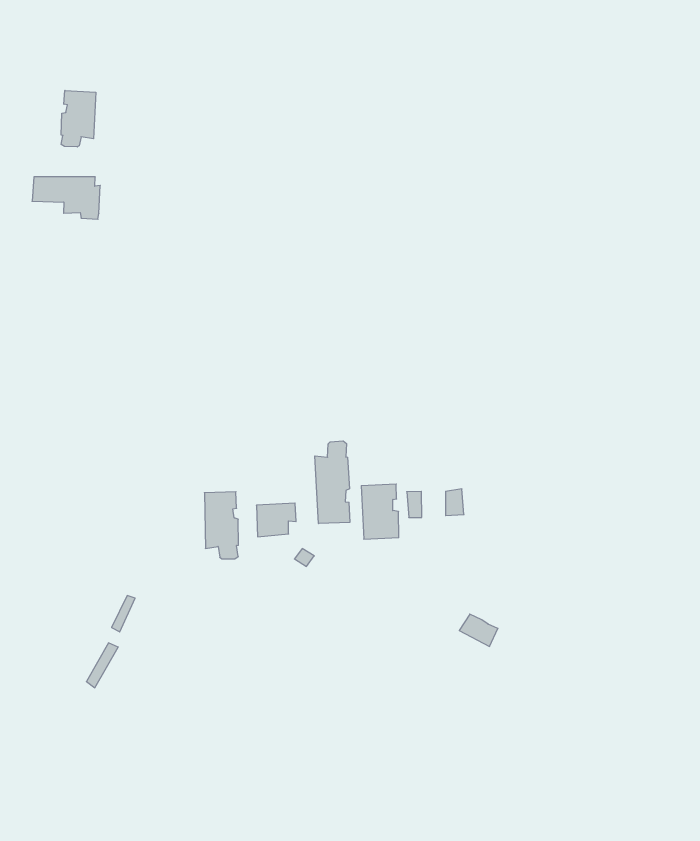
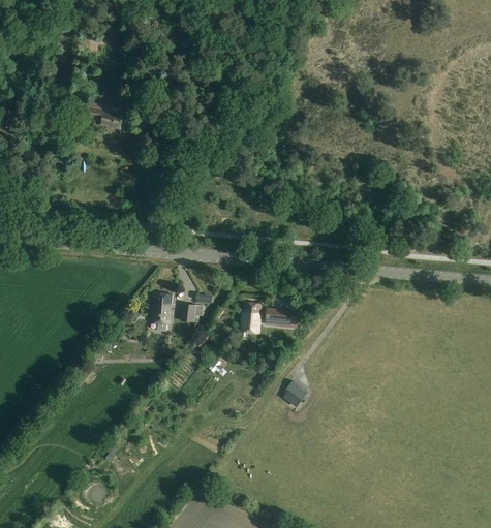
building: [61,90,96,147] -> none
building: [315,441,350,524] -> none

